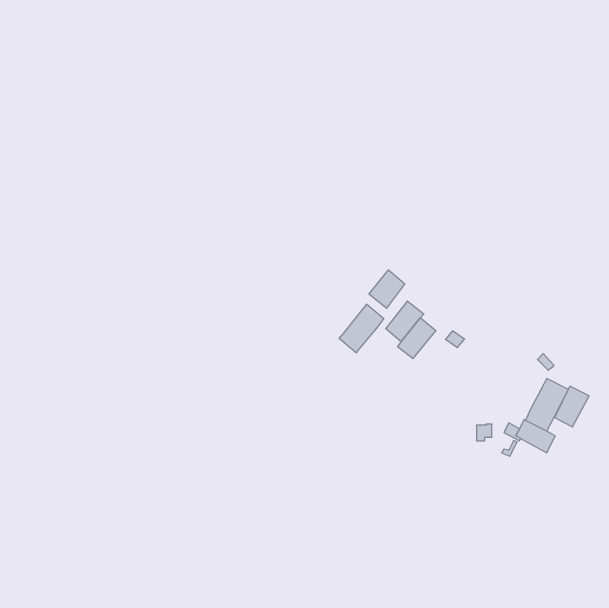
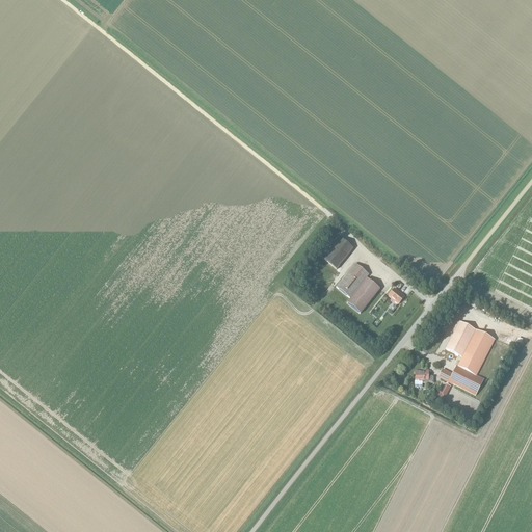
building: [339,304,384,353] -> none
building: [554,386,589,427] -> [447,321,477,356]

